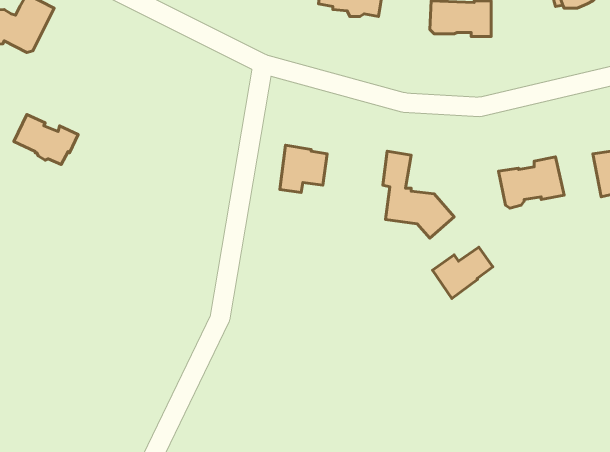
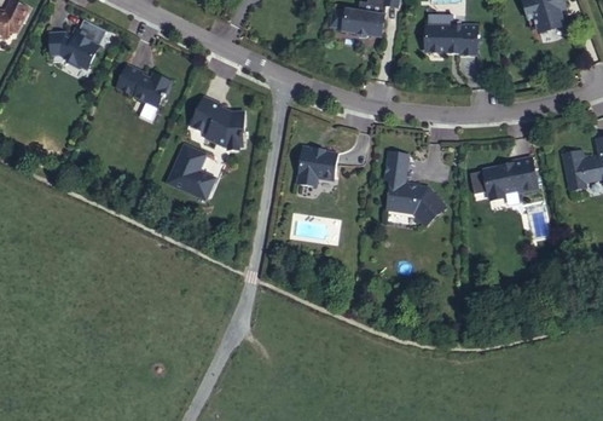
building: none -> [190,97,244,150]
building: [14,114,78,164] -> [116,64,170,106]
building: none -> [167,145,214,198]
building: [432,247,493,298] -> none

